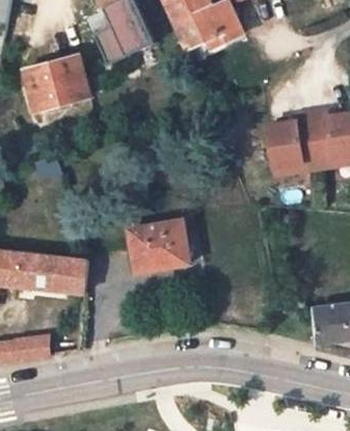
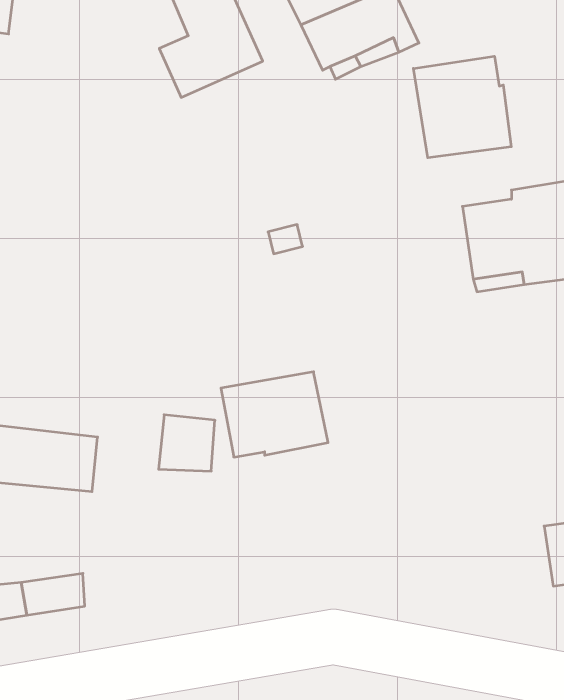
building: none -> [413,56,511,158]
building: [24,57,87,109] -> none
building: [54,258,86,290] -> [159,415,215,471]

